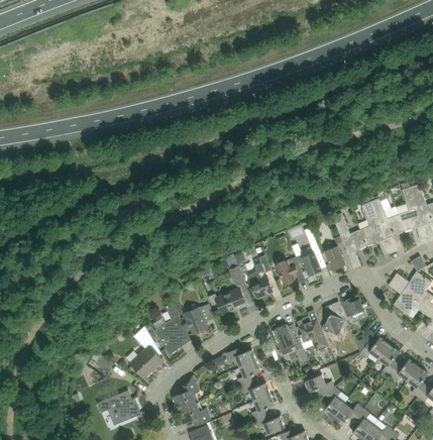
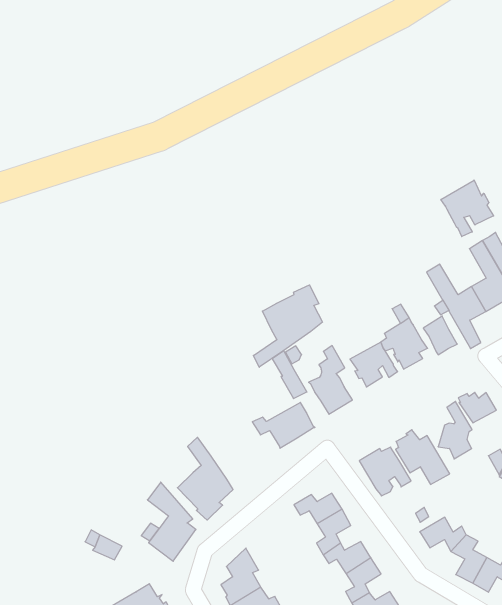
building: none -> [441,180,494,237]
building: none -> [253,285,322,367]
building: [186,303,215,333] -> none

